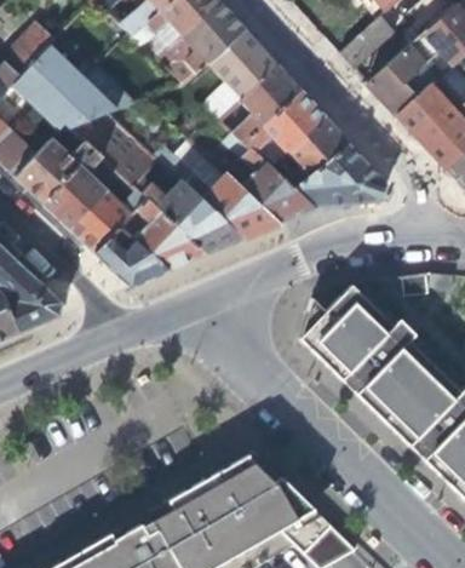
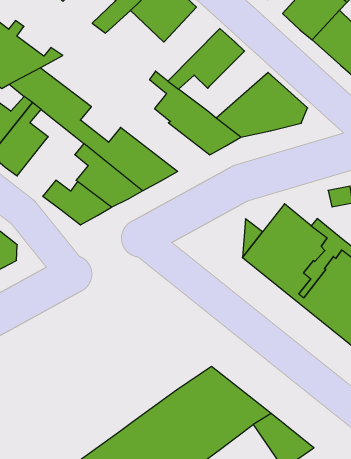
building: [230,64,302,140] -> none
building: [280,116,349,185] -> none
building: [168,160,277,239] -> none
building: [68,189,143,251] -> none

